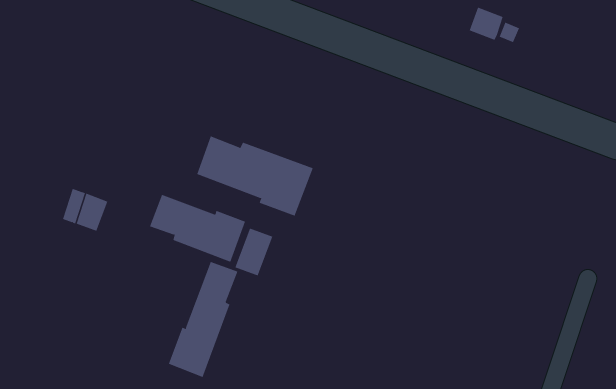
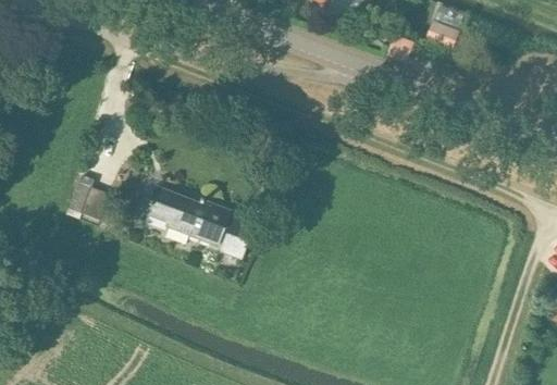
building: [196,136,314,217] -> none
building: [168,261,238,378] -> none

